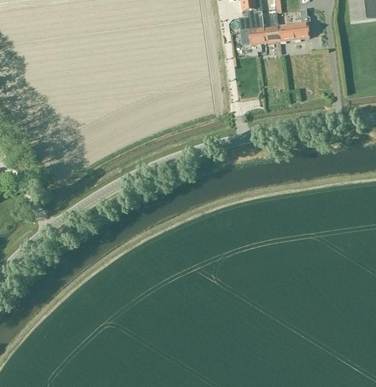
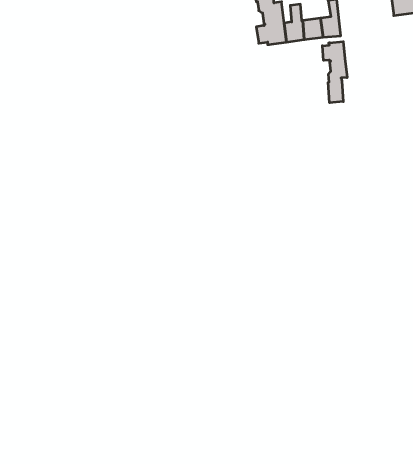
building: none -> [322,42,347,103]

